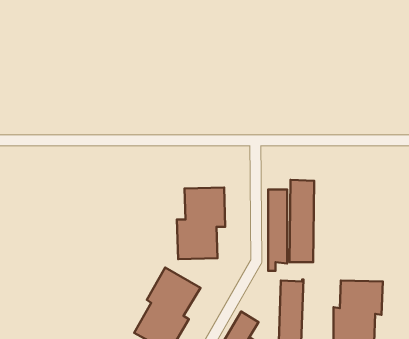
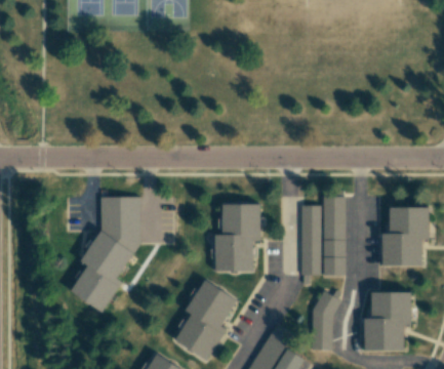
building: none -> [70,196,140,313]
building: none -> [381,207,429,266]

